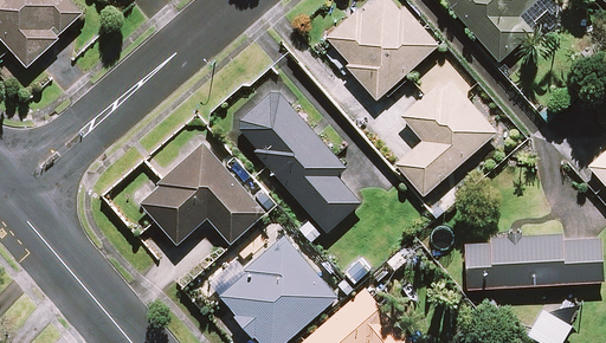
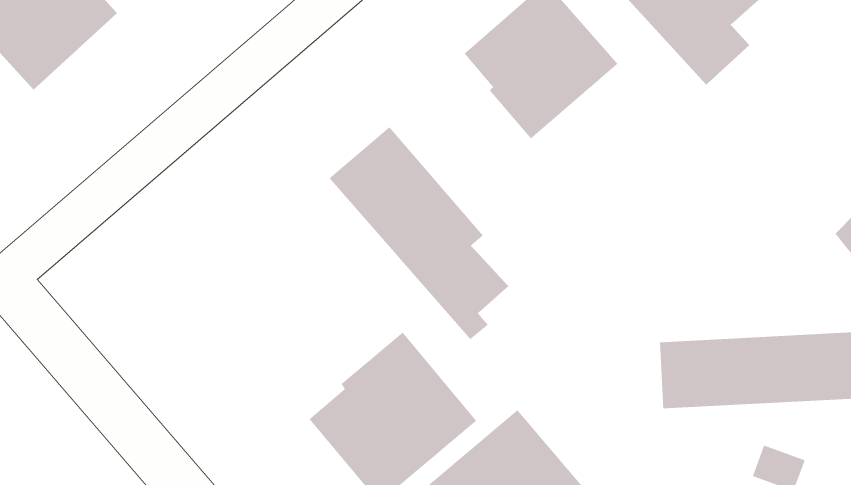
building: [397,77,495,195] -> none
building: [138,144,265,245] -> none

